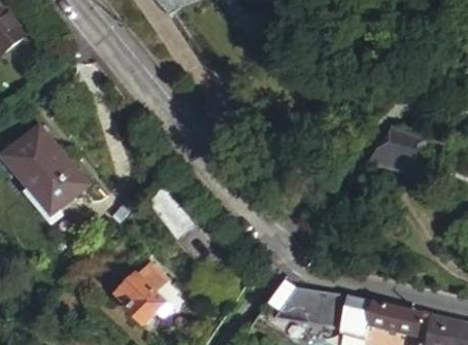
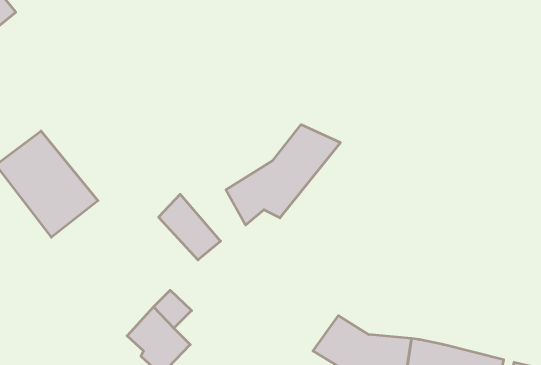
building: none -> [226,125,340,225]
building: [369,128,419,165] -> none

